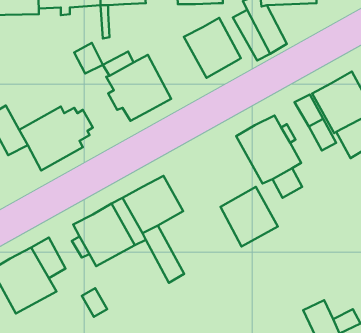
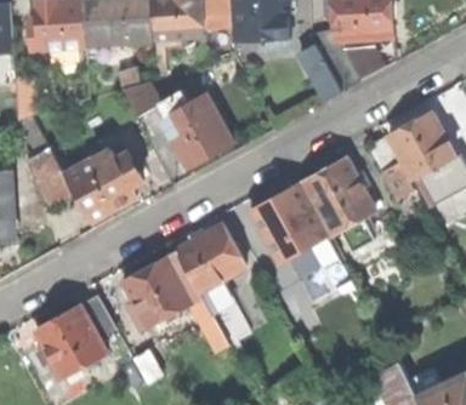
building: [184,18,241,78] -> none
building: none -> [248,186,325,266]

